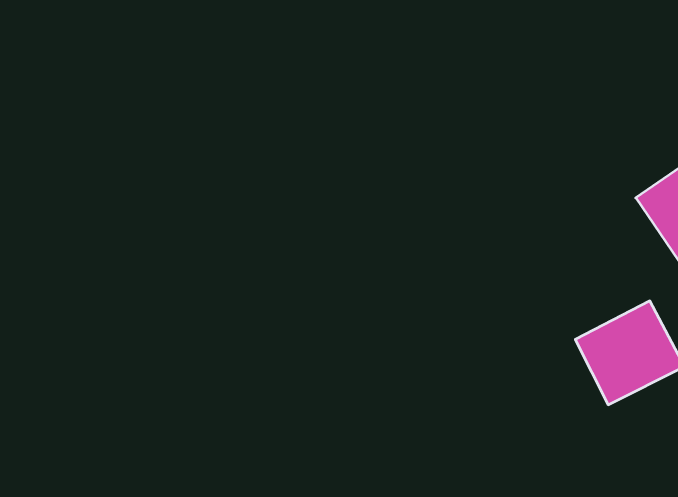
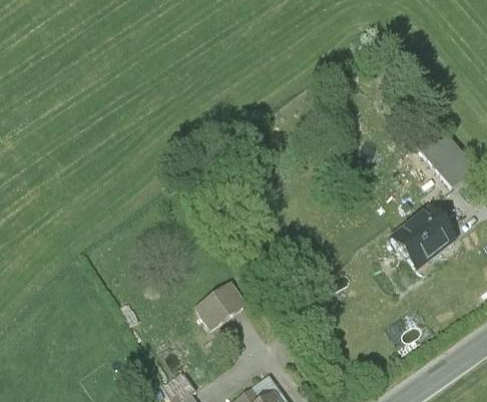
building: none -> [194,279,248,327]

